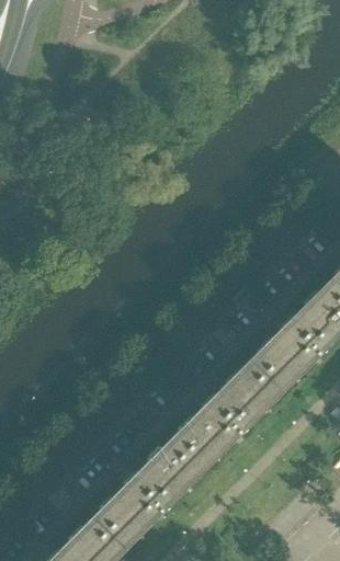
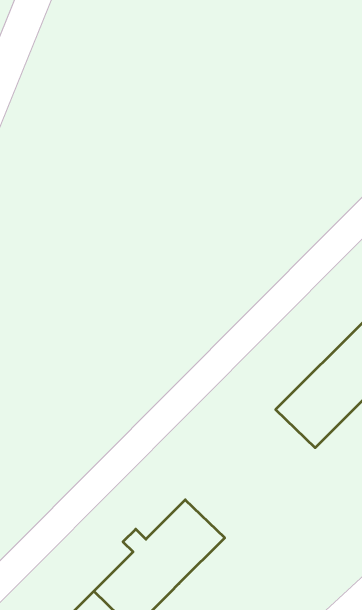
building: [173,357,285,468] -> none

